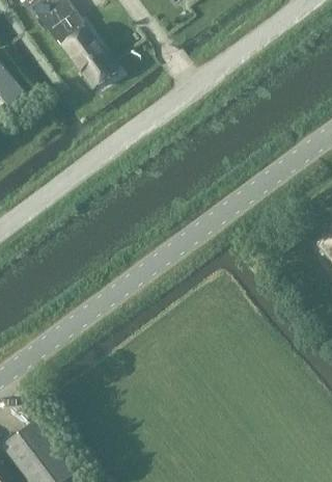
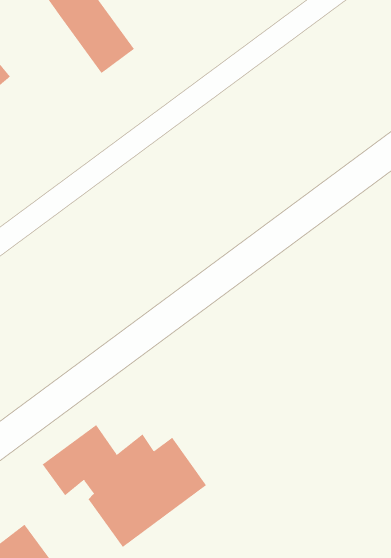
building: none -> [42,424,207,548]

